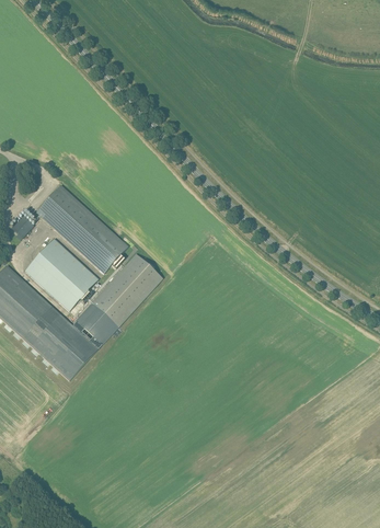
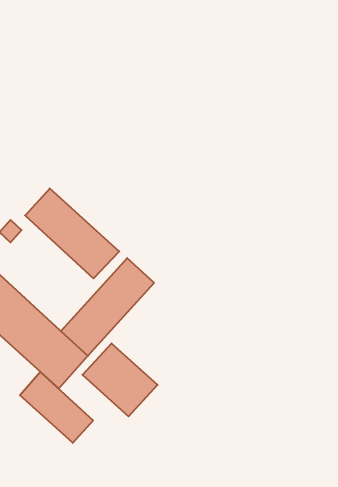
building: [24,238,97,309] -> [82,343,158,416]
building: none -> [20,372,93,443]

